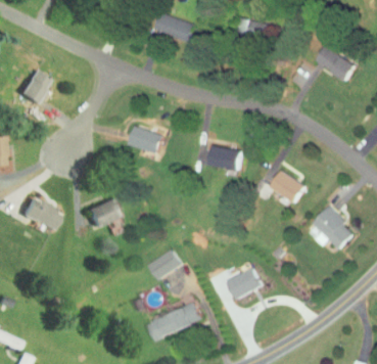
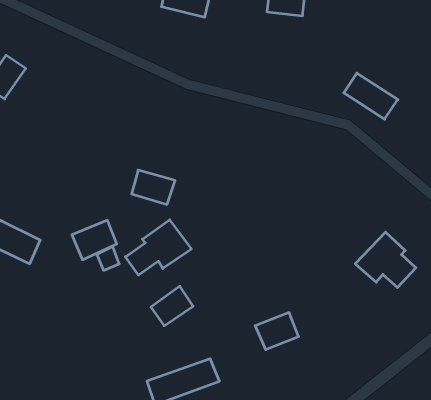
building: [316,45,358,81] -> [344,73,398,119]
building: [131,126,164,152] -> [132,170,175,204]
building: [211,146,242,169] -> none
building: [273,170,309,202] -> none
building: none -> [125,220,191,275]

